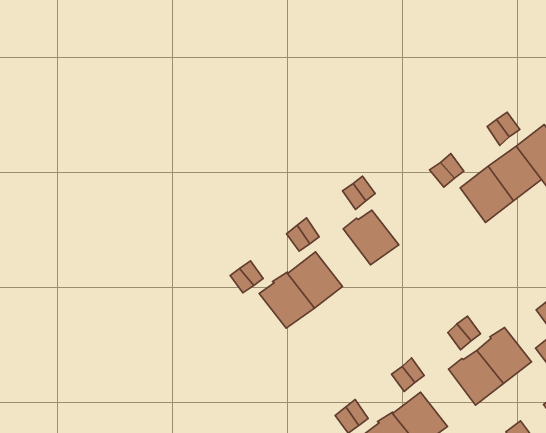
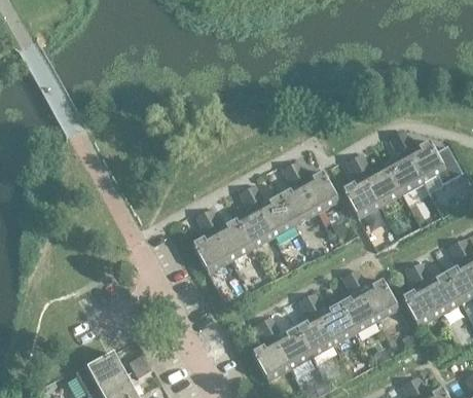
building: none -> [302,172,339,212]
building: none -> [343,178,380,217]
building: none -> [259,195,296,236]
building: none -> [193,232,231,272]
building: none -> [319,303,356,343]

